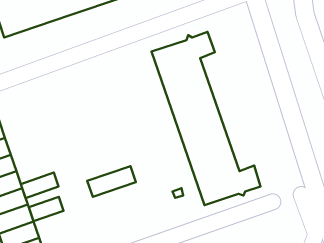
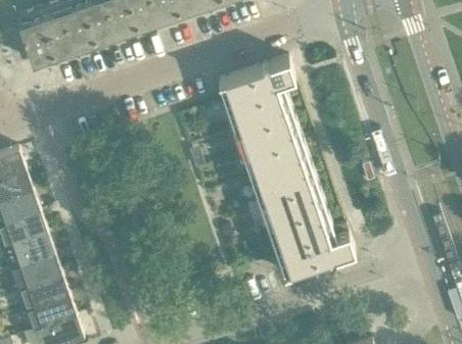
building: [87,166,136,197] -> none
building: [21,173,59,198] -> none
building: [29,197,64,221] -> none

